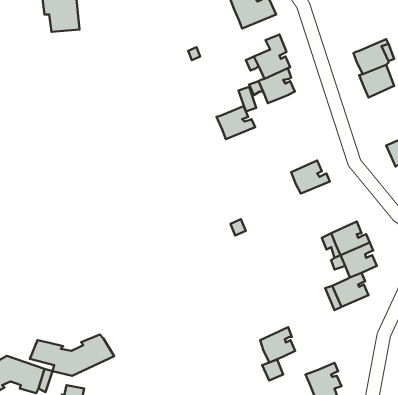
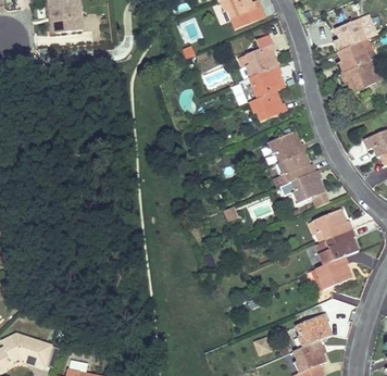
building: none -> [335,18,367,50]
building: [216,106,255,139] -> [251,91,287,122]
building: none -> [271,131,307,163]
building: none -> [291,171,324,202]
building: [260,327,295,362] -> [298,313,330,346]
building: [30,335,114,376] -> none

